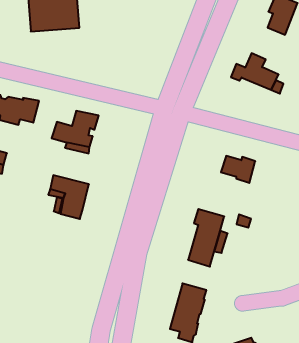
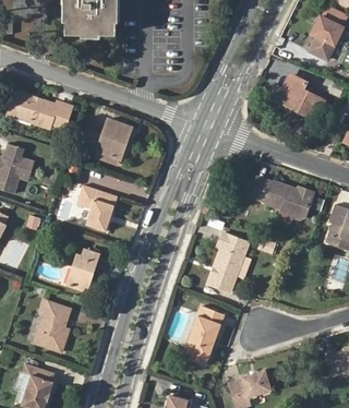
building: none -> [279,185,313,218]
building: none -> [65,248,96,288]
building: none -> [33,300,70,351]

